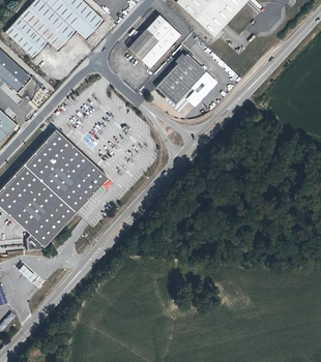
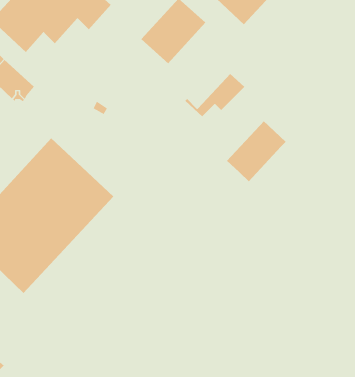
building: [156,54,206,104] -> [226,120,287,182]

